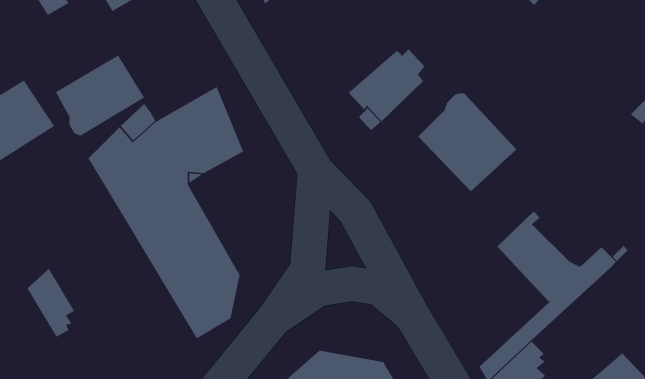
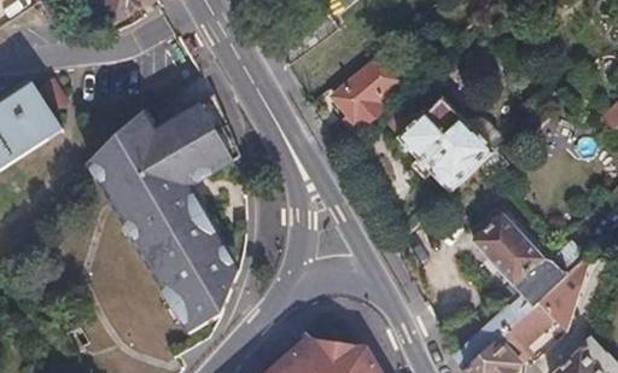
building: [55,54,145,136] -> none
building: [26,268,75,338] -> none
building: none -> [506,263,584,350]

